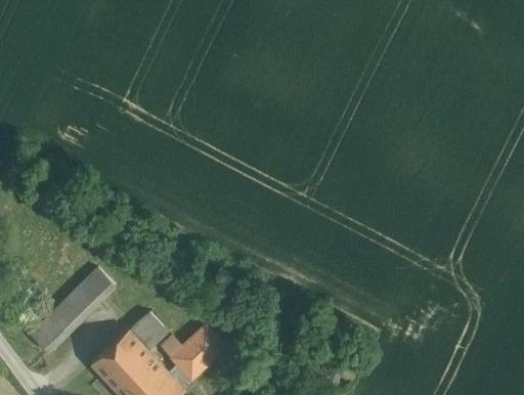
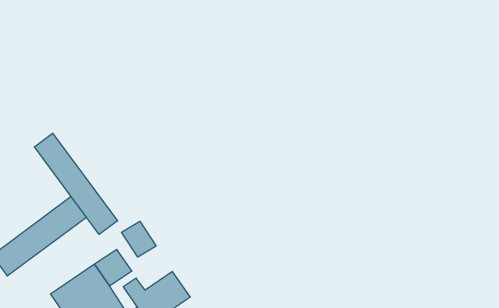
building: none -> [34,133,118,234]
building: none -> [122,221,156,257]

